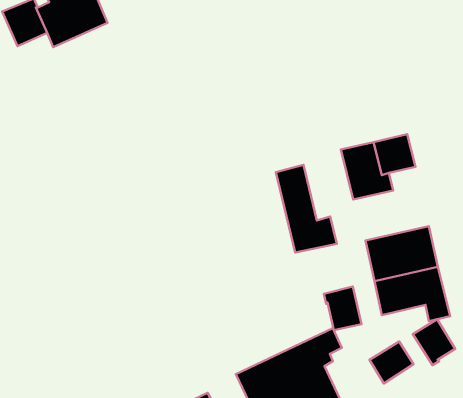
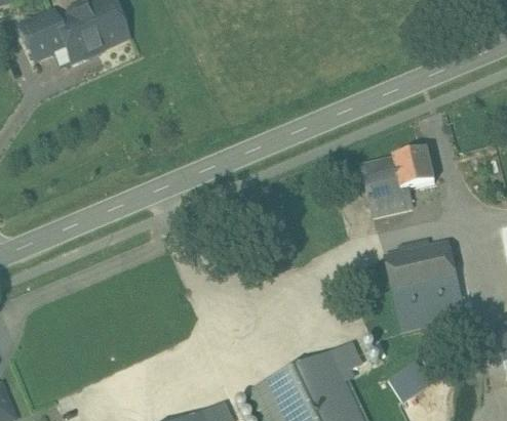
building: [276,165,337,252] -> none
building: [324,286,361,330] -> none
building: [413,319,455,365] -> none

